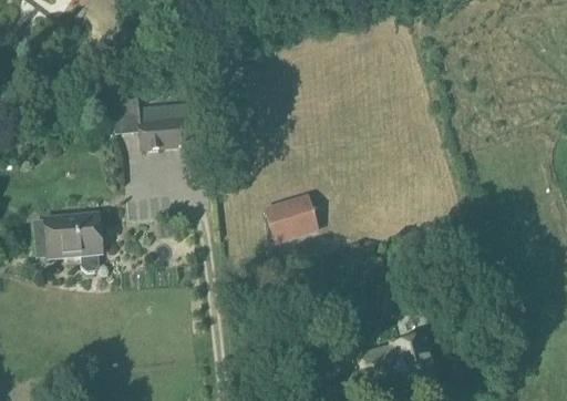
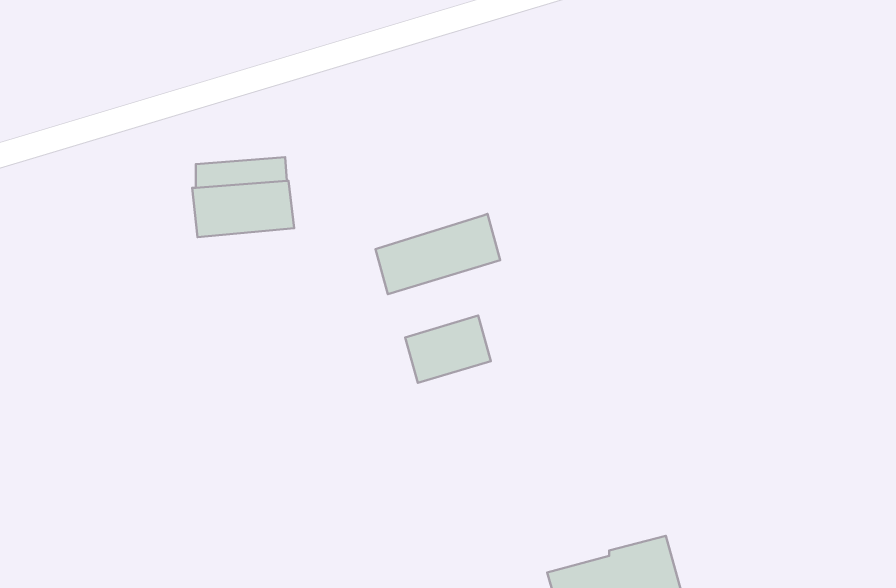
building: none -> [376,214,500,294]
building: [43,213,100,270] -> none

